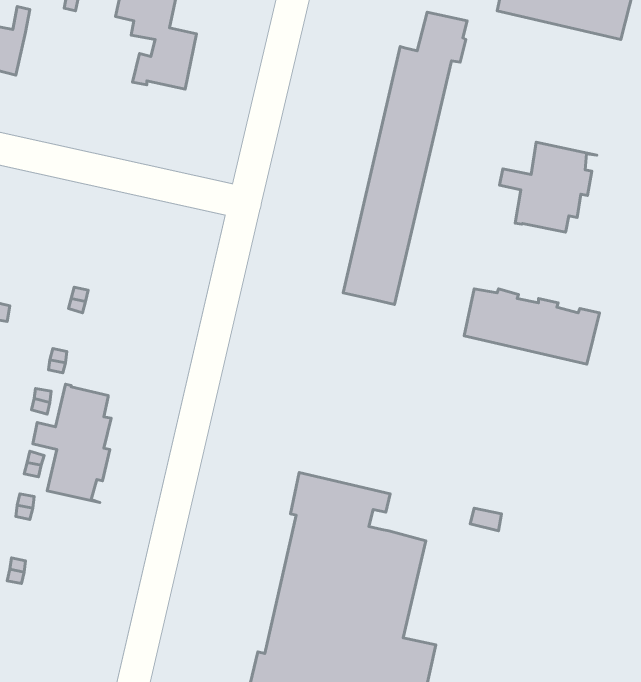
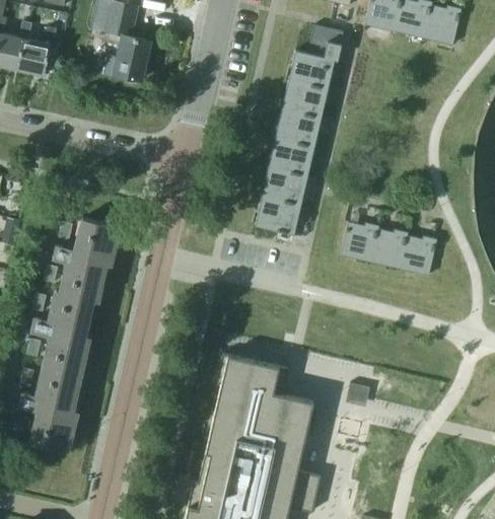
building: none -> [22,26,58,75]
building: [499,142,597,232] -> none
building: none -> [56,219,122,301]
building: none -> [22,366,82,450]

